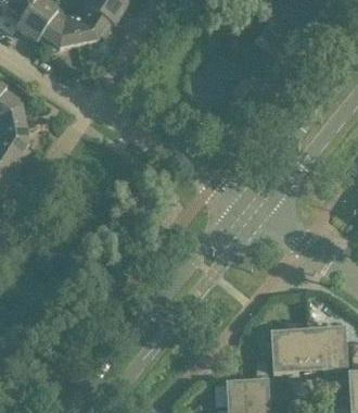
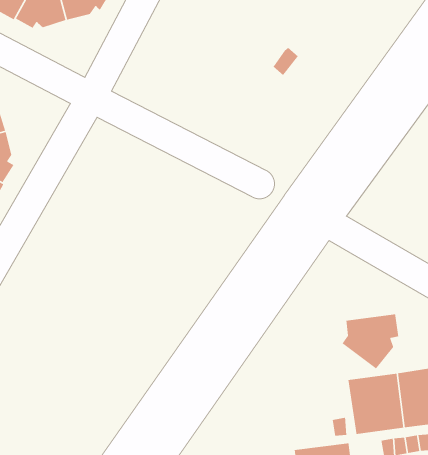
building: none -> [341,313,399,369]

